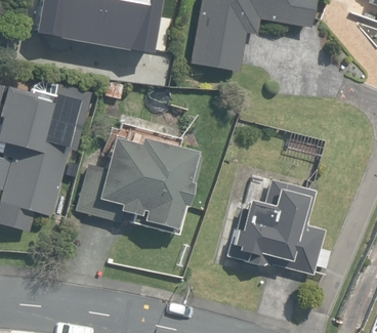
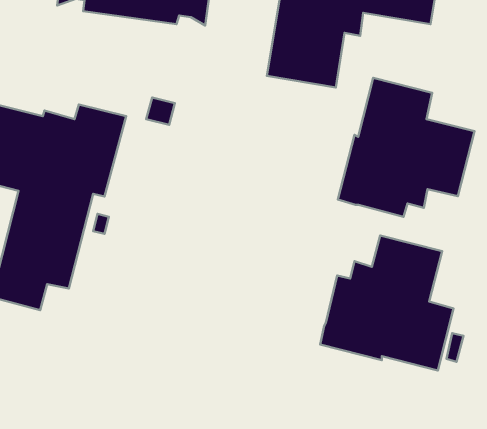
building: none -> [338,78,474,217]
building: [77,136,196,234] -> none

